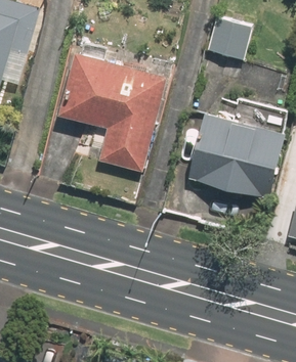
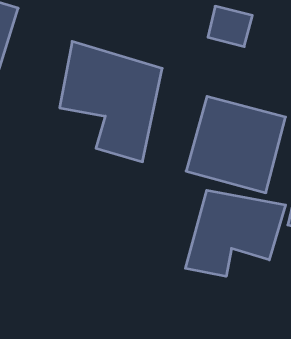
building: none -> [185,190,286,276]

